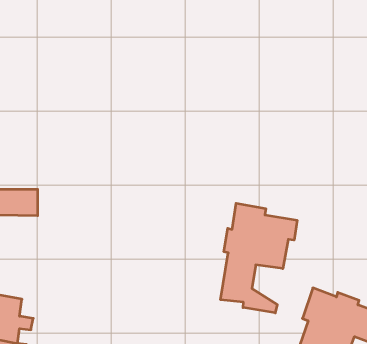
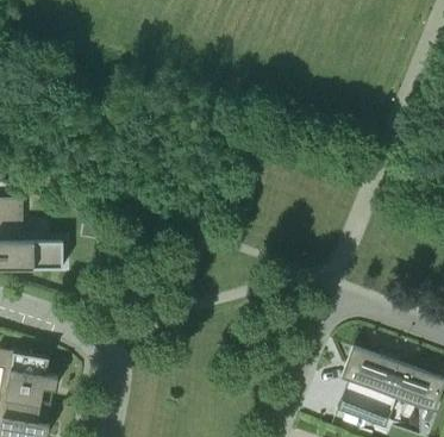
building: [221,203,297,313] -> none

